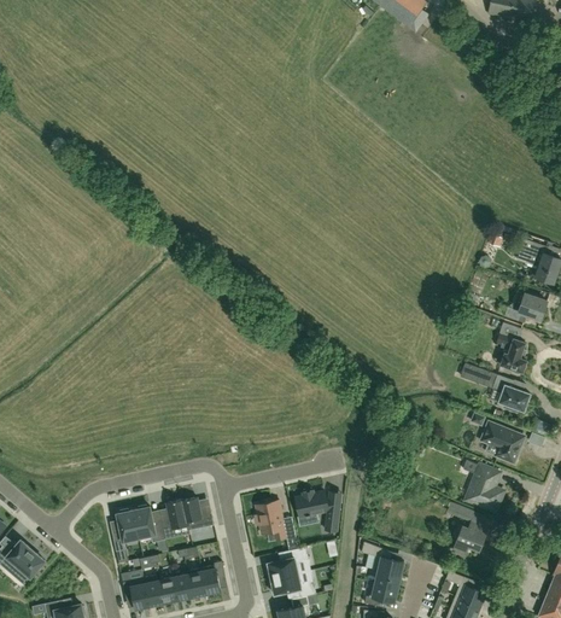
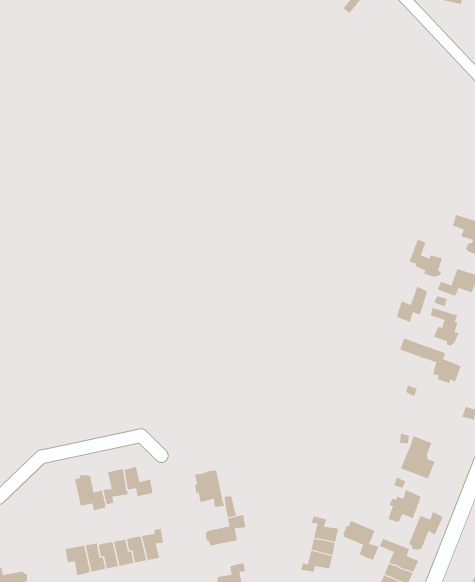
building: none -> [409,239,443,278]
building: none -> [396,286,428,323]
building: [483,422,524,464] -> none
building: [294,491,339,531] -> none
building: [111,509,138,552] -> none
building: none -> [408,511,443,551]
building: none -> [343,520,379,561]
building: [269,573,315,597] -> none

